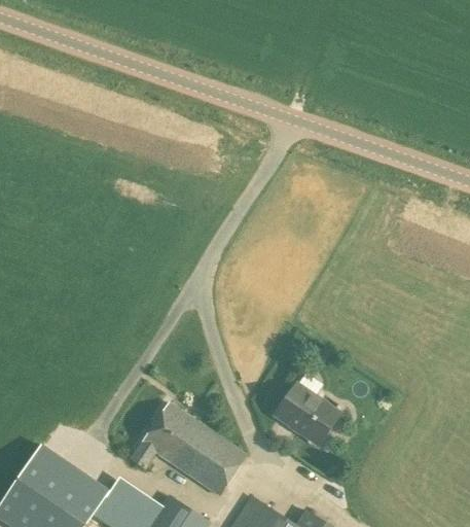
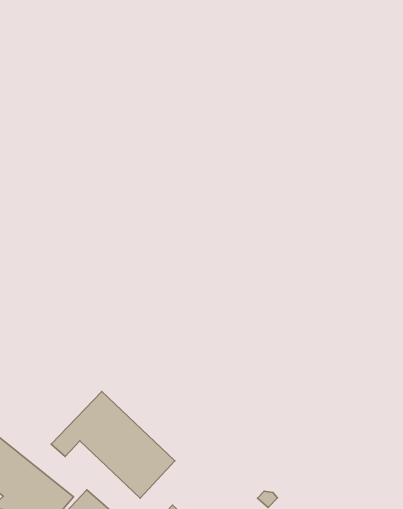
building: [274,385,338,446] -> none

